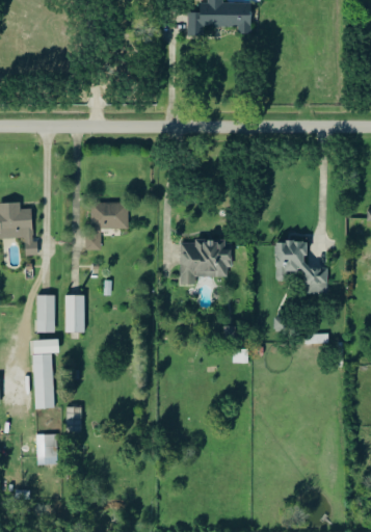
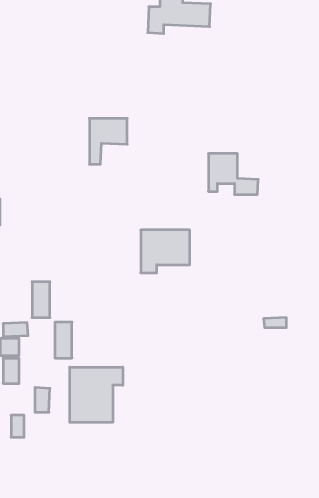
building: [88,203,128,250] -> [89,118,127,164]
building: [275,242,327,285] -> [208,154,258,194]
building: [37,295,55,332] -> [55,322,72,358]
building: none -> [70,367,123,422]

